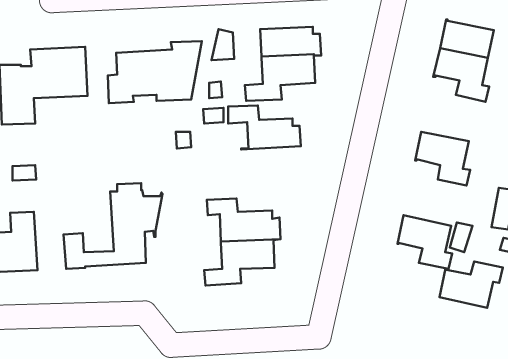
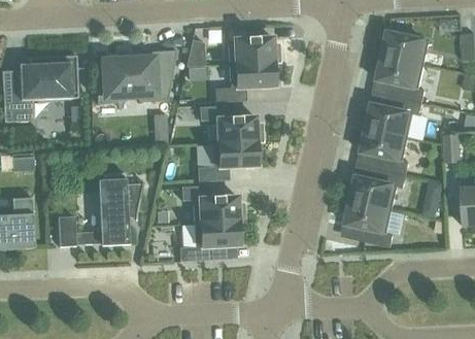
building: none -> [367,96,422,136]
building: none -> [197,140,263,180]
building: [440,261,503,308] -> [351,169,406,209]

